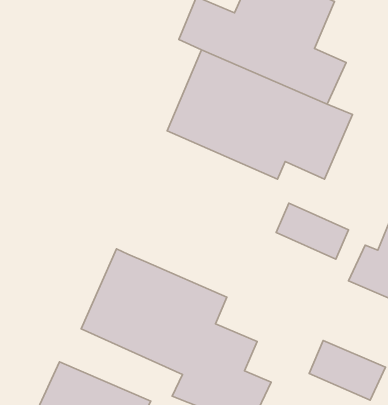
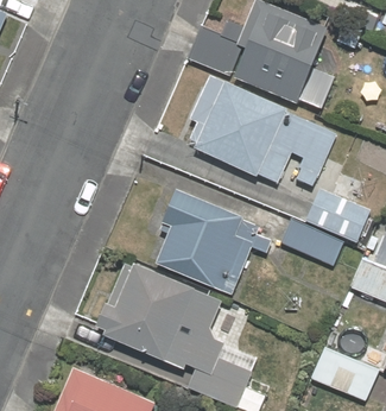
building: none -> [152,184,274,304]
building: none -> [306,194,375,248]

